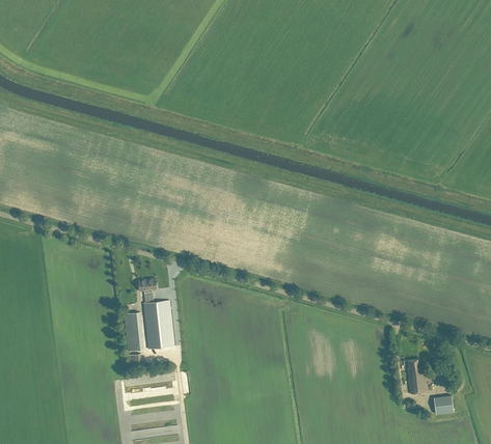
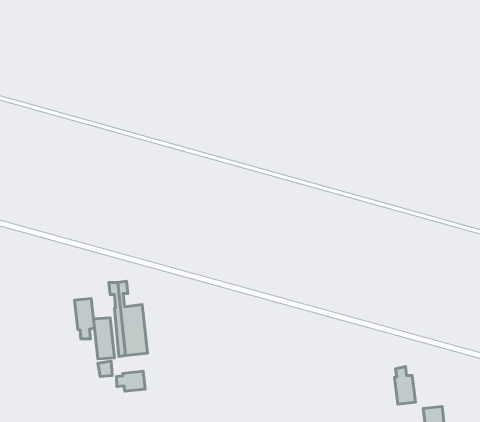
building: none -> [74,298,94,339]
building: none -> [117,371,145,391]

